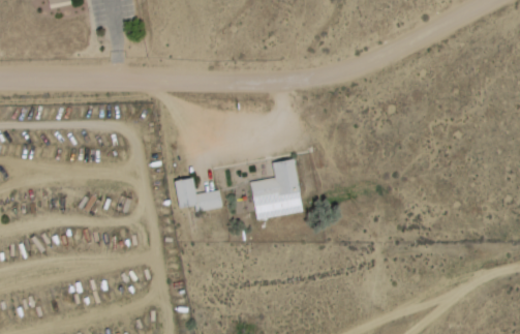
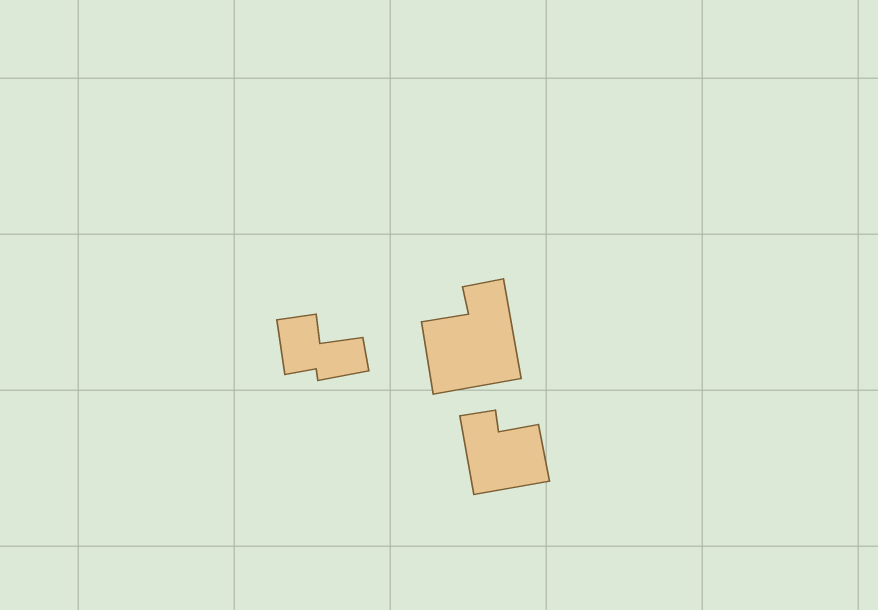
building: none -> [460,410,549,494]

